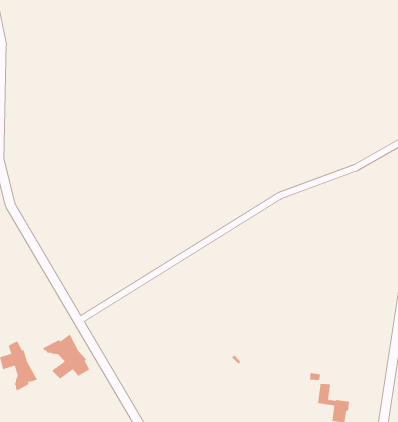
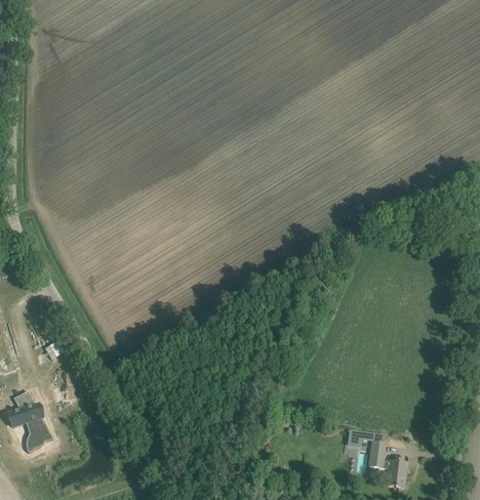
building: [41,334,91,379] -> none

